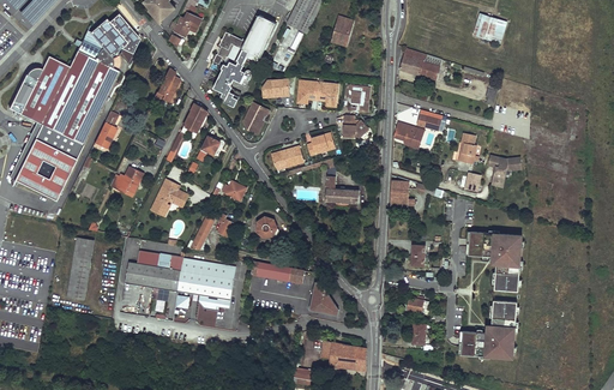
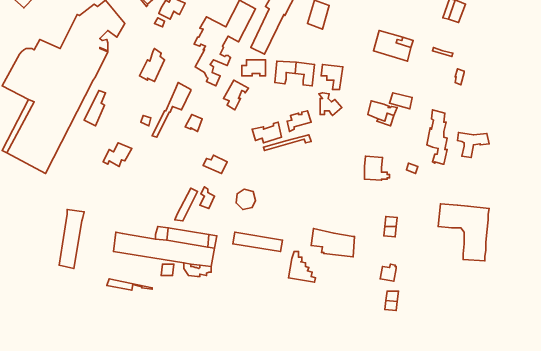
building: [326,176,359,204] -> none
building: [150,179,186,216] -> none
building: [460,301,516,359] -> none
building: [320,340,366,370] -> [311,229,354,257]

